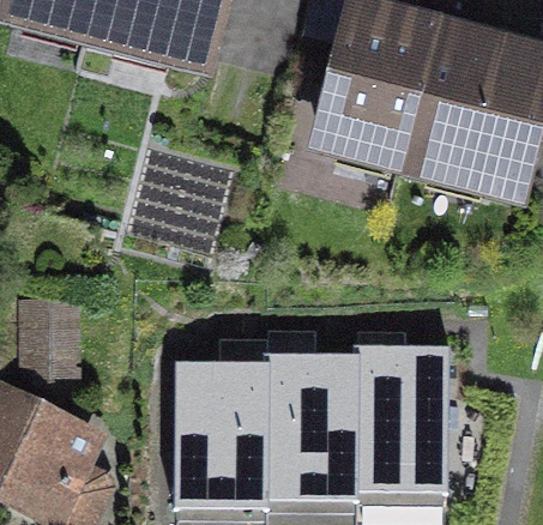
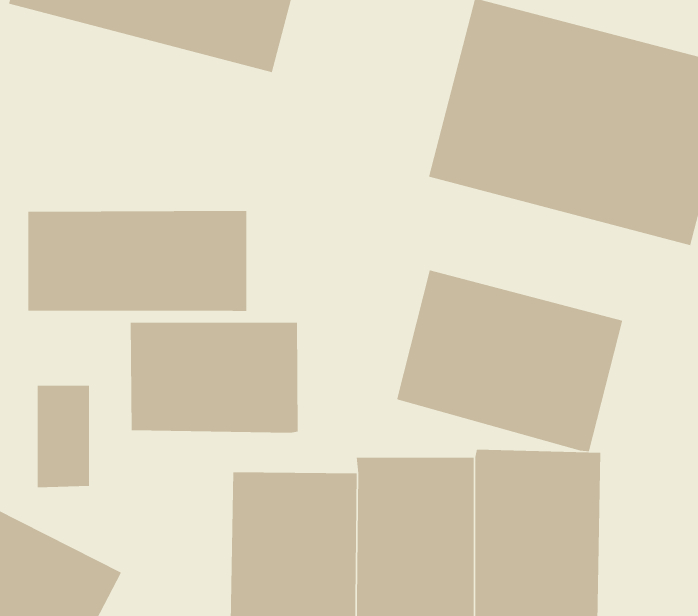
building: none -> [28,210,247,312]
building: none -> [397,270,623,452]
building: none -> [130,322,298,434]

